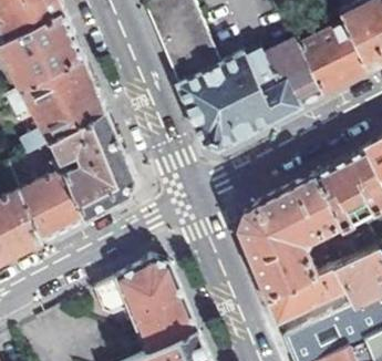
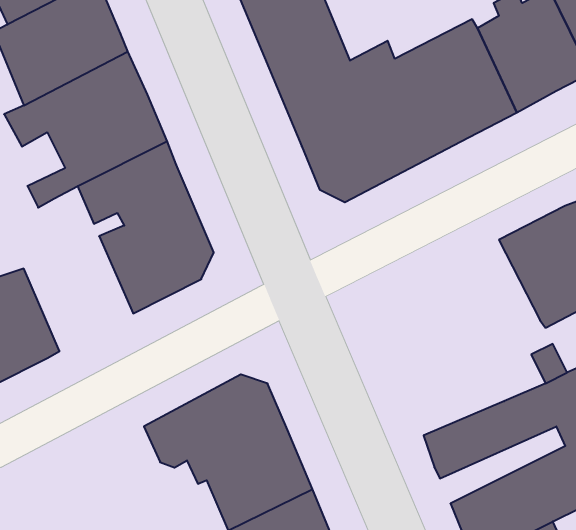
building: [20,143,87,245] -> none
building: [238,176,339,297] -> none

